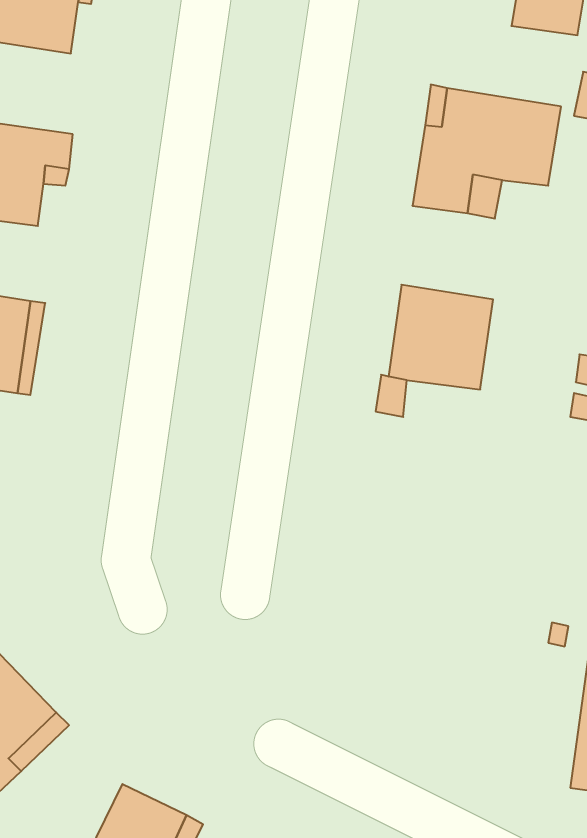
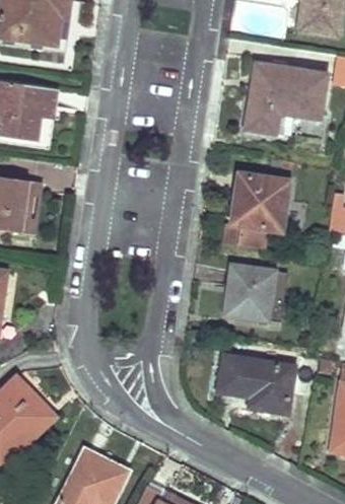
building: none -> [225,266,275,320]
building: none -> [217,355,295,414]

